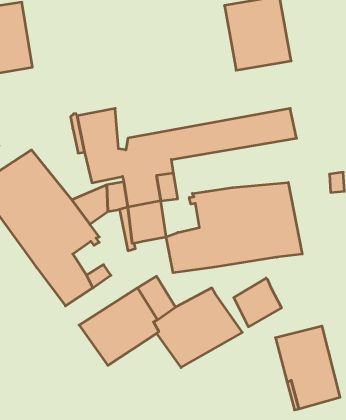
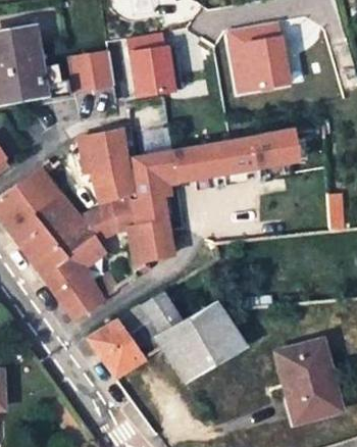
building: none -> [129,35,176,98]
building: none -> [70,52,114,90]
building: [166,182,302,273] -> none
building: [234,278,281,327] -> none

